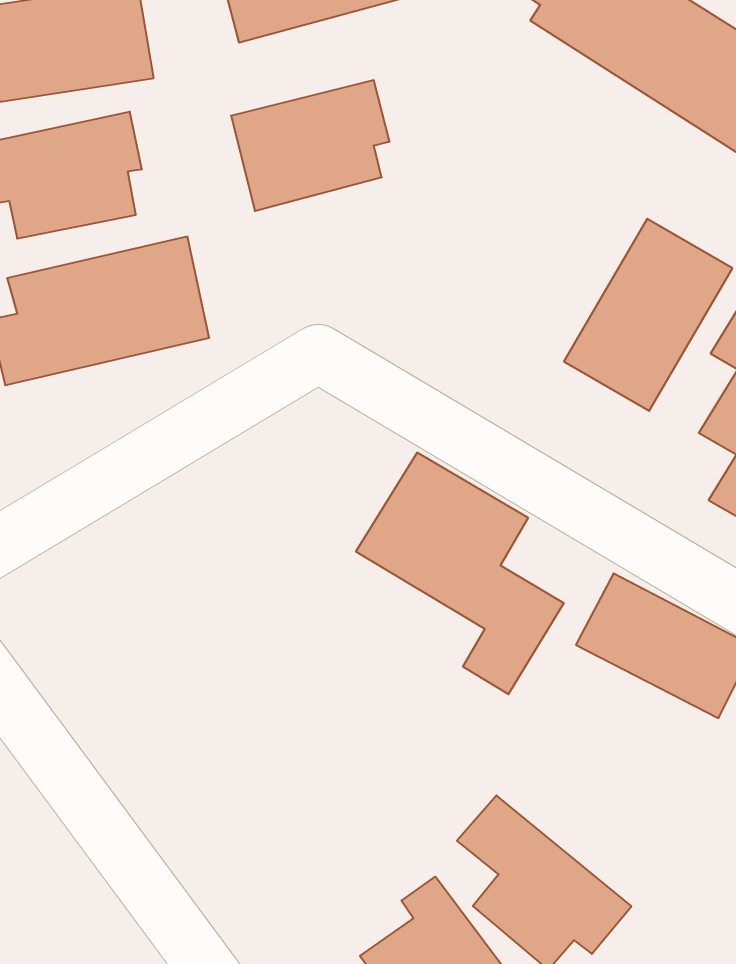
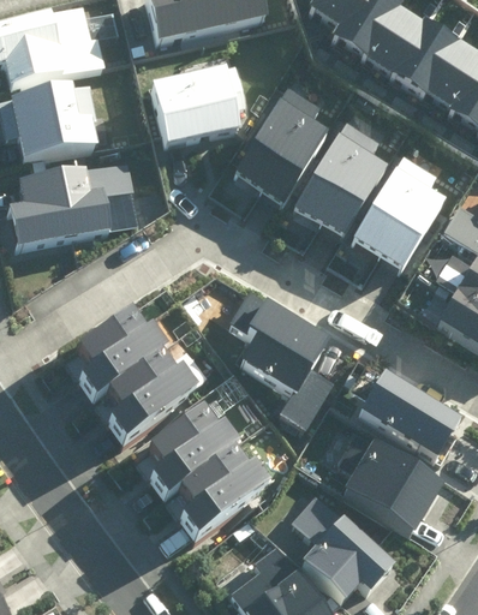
building: none -> [234,83,328,199]
building: none -> [292,120,394,234]
building: none -> [64,315,195,443]
building: none -> [136,410,268,539]
building: none -> [337,435,449,539]

